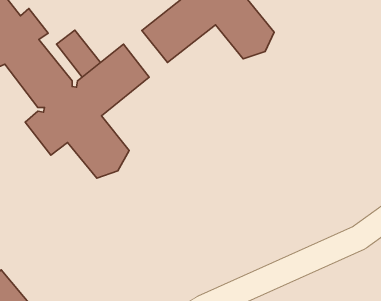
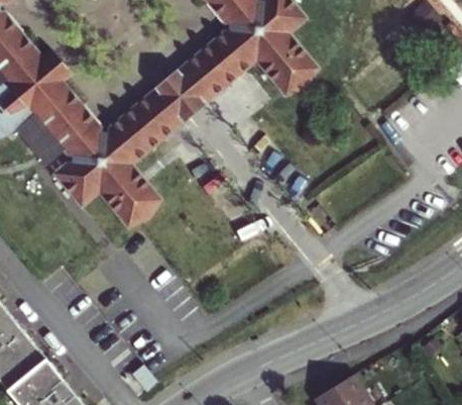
building: [56,30,101,77] -> [152,69,201,120]

